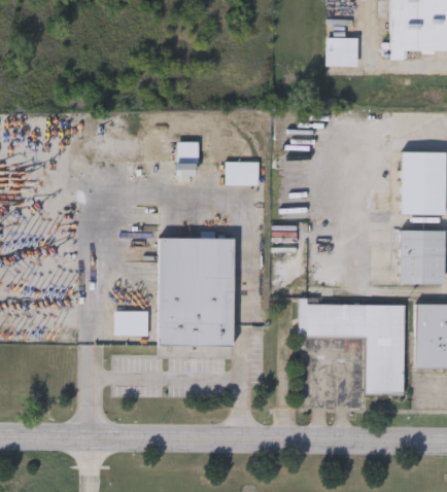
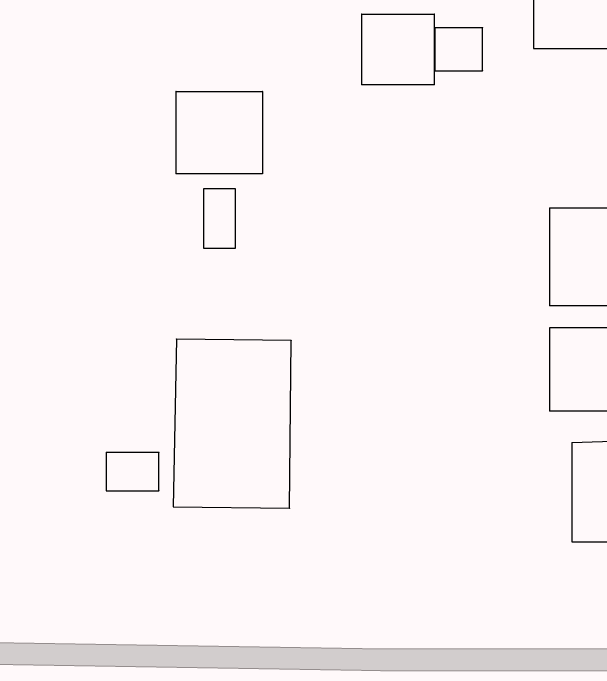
building: none -> [362,14,434,85]
building: none -> [176,91,262,174]
building: [226,162,259,185] -> none
building: [302,303,405,395] -> none

